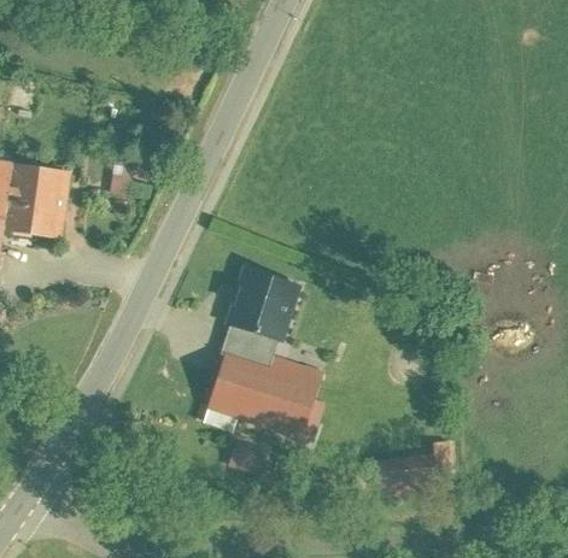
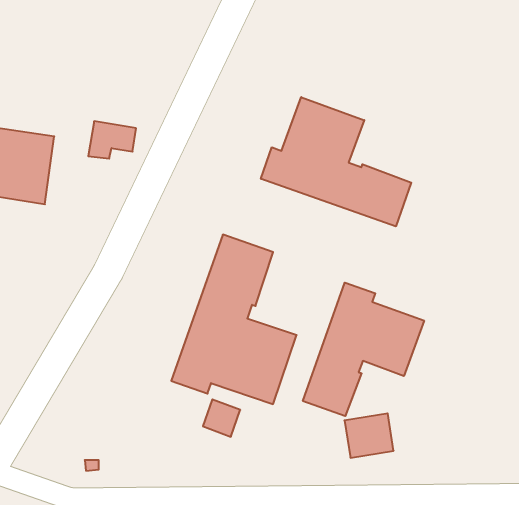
building: none -> [261,97,411,226]
building: none -> [303,283,424,416]

